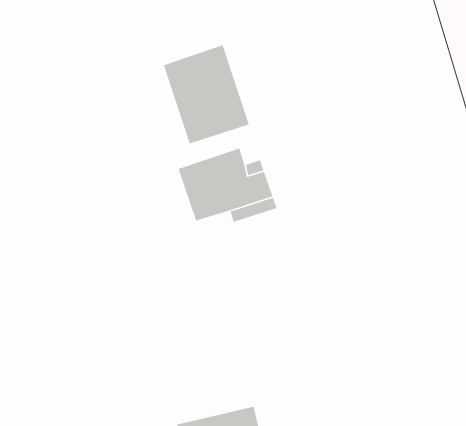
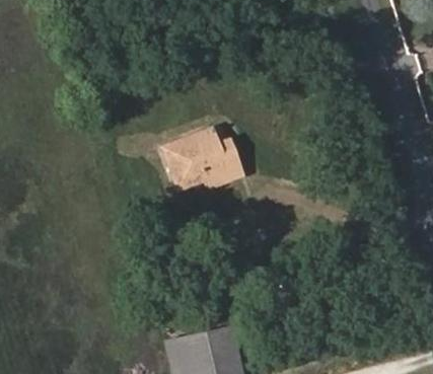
building: [163,44,250,144] -> none

